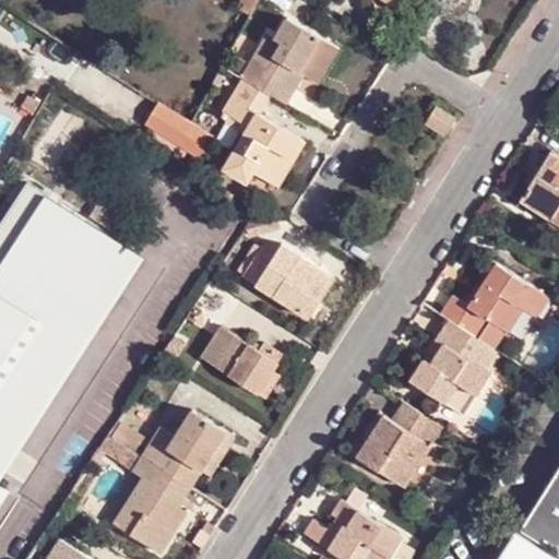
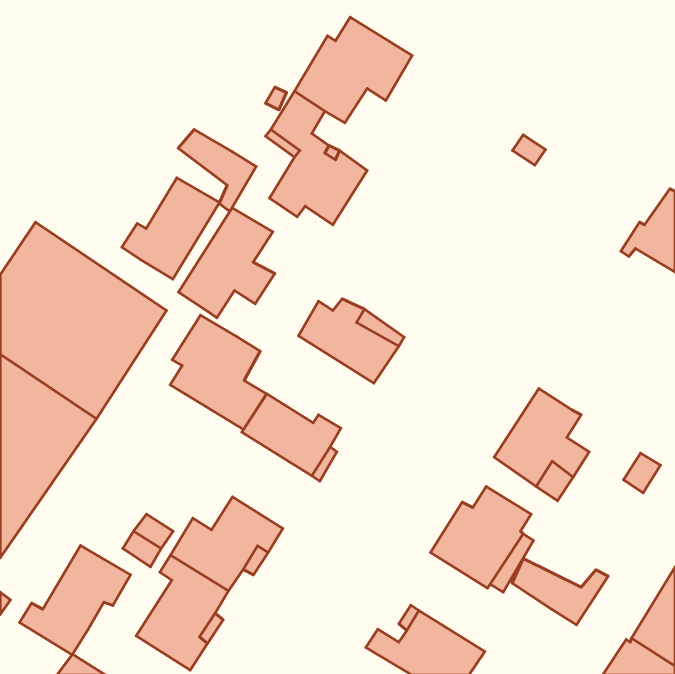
building: none -> [122,178,220,279]
building: none -> [179,208,275,318]
building: none -> [170,315,266,430]
building: [438,264,546,340] -> none
building: none -> [20,545,131,655]
building: none -> [512,558,608,625]

